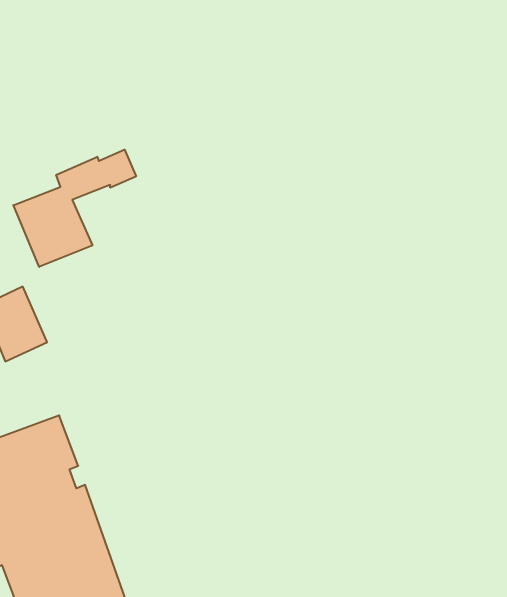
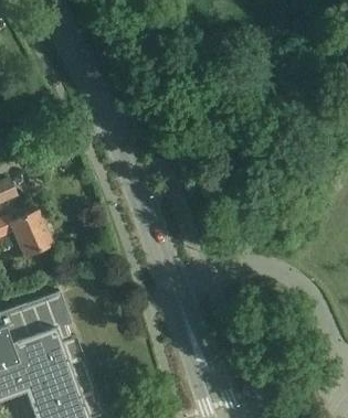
building: [13,150,136,267] -> none

